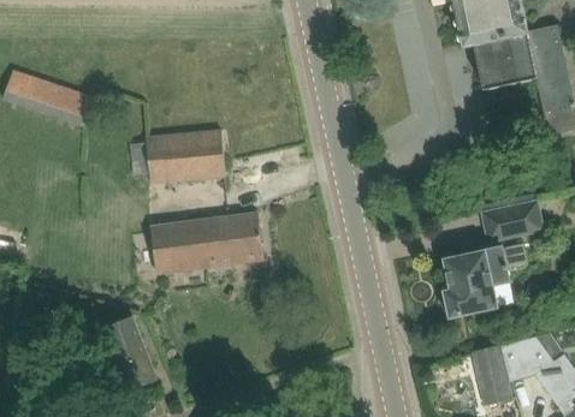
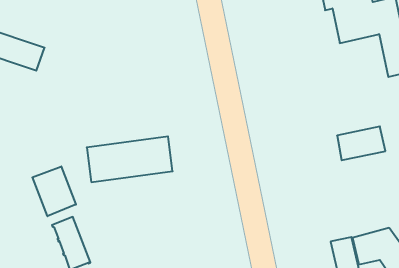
building: [129,130,225,183] -> none
building: [441,242,528,316] -> none
building: none -> [32,166,76,216]

